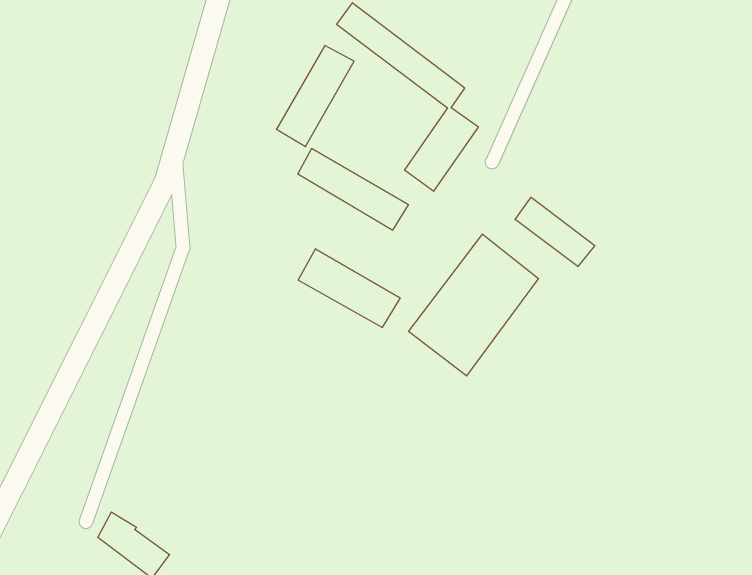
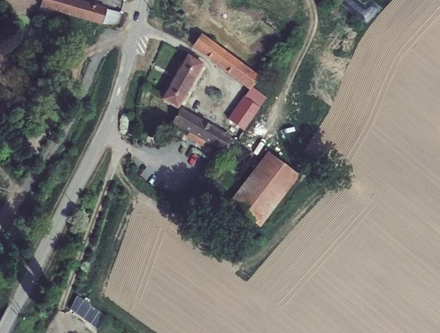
building: [515,197,595,267] -> none
building: [298,249,400,328] -> none

